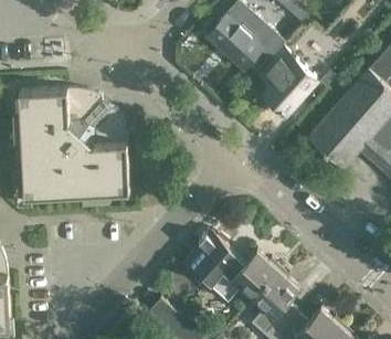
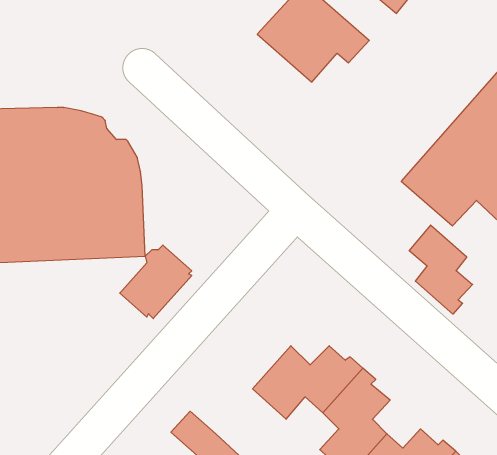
building: [261,49,317,113] -> none
building: none -> [409,225,473,314]
building: [180,233,230,284] -> [120,245,192,319]

